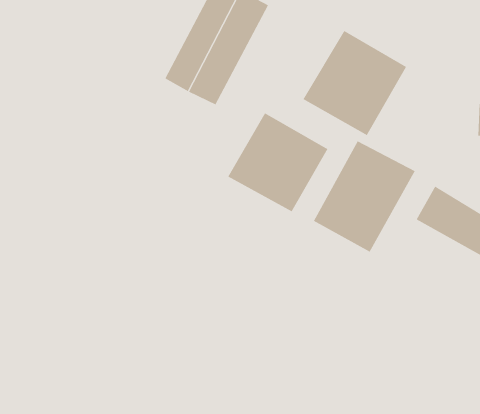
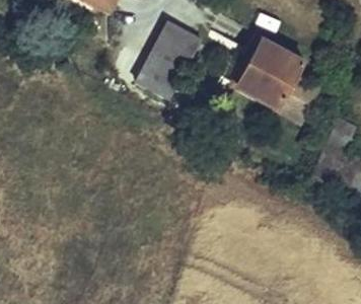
building: [228,112,328,212] -> none
building: [313,140,416,253] -> none

